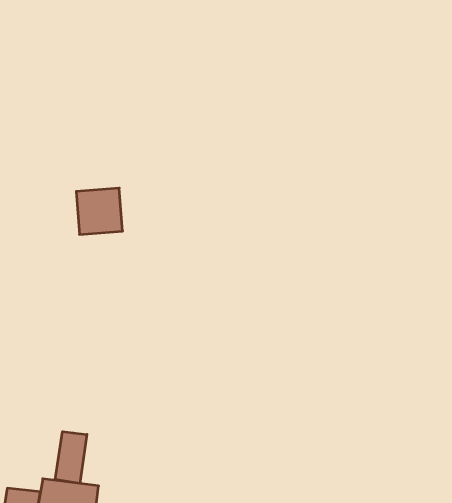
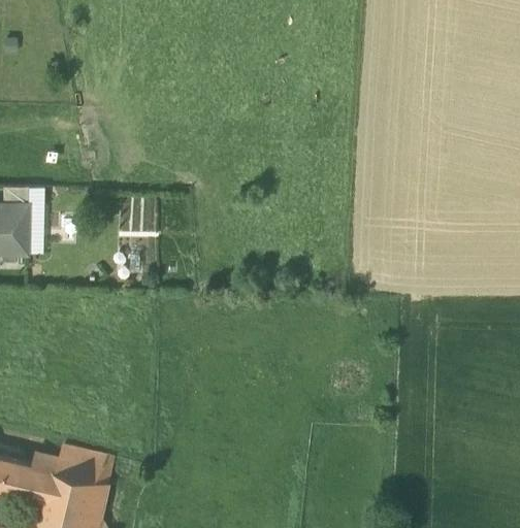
building: [55,432,87,483] -> none

